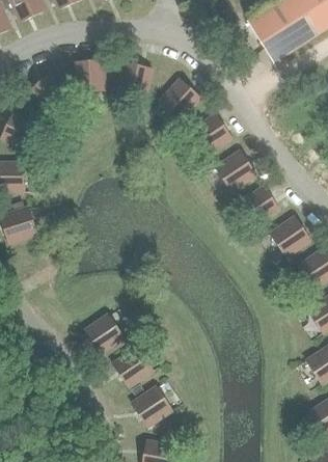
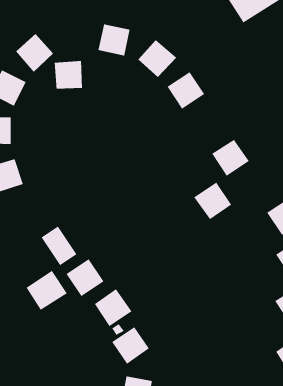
building: [74,59,105,90] -> [54,60,83,89]
building: [215,150,256,191] -> none
building: [269,215,310,256] -> [193,181,232,220]
building: none -> [41,225,78,266]
building: none -> [26,270,68,311]

